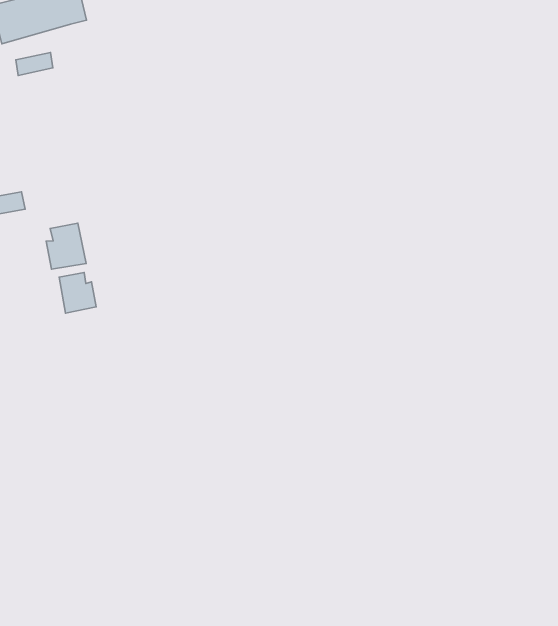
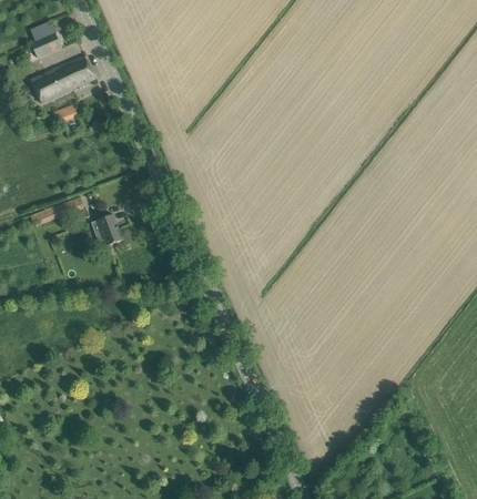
building: [59,272,96,313] -> none

